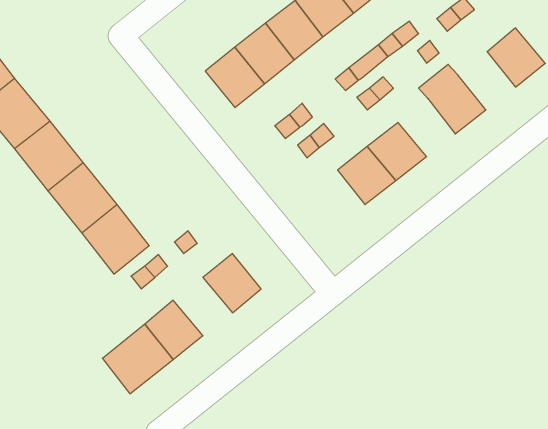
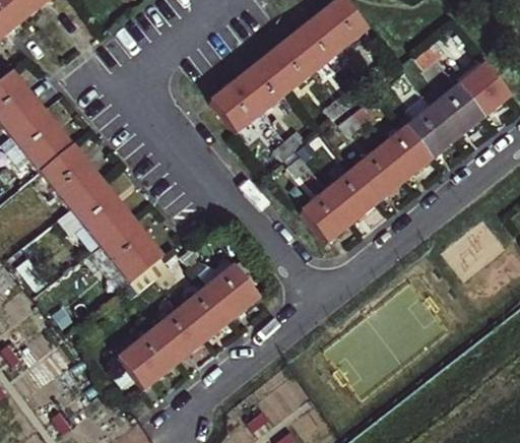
building: none -> [434,83,485,135]
building: none -> [381,125,432,177]
building: none -> [301,189,351,240]
building: none -> [181,284,234,336]

